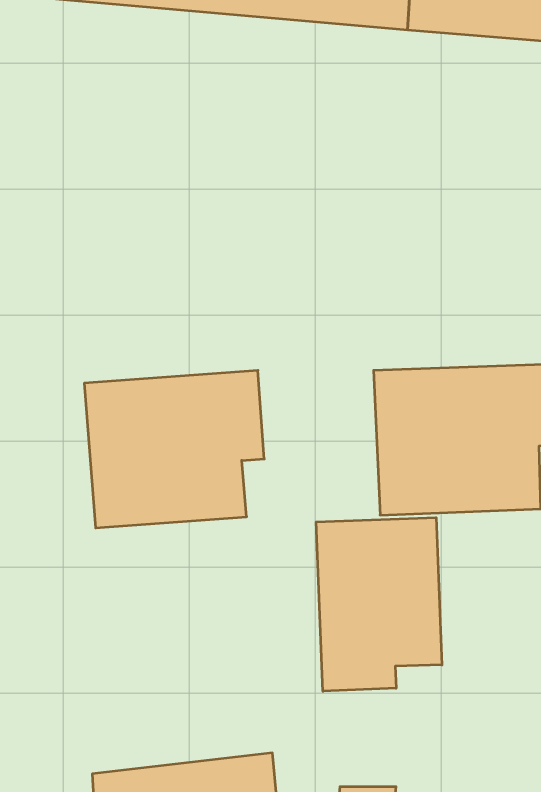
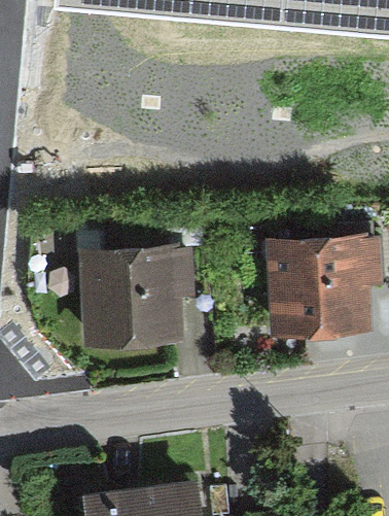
building: [316,518,442,691] -> none

